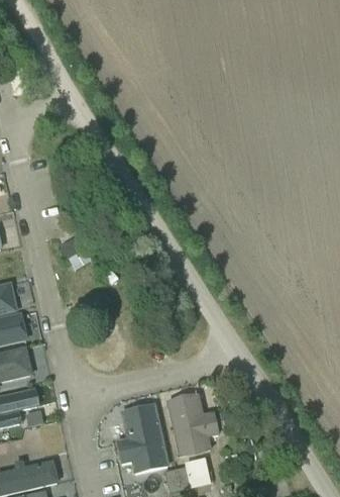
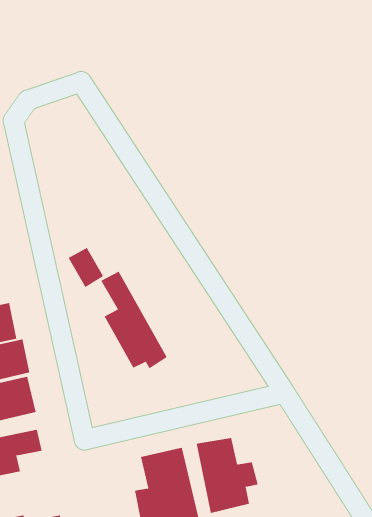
building: none -> [101,271,168,369]

